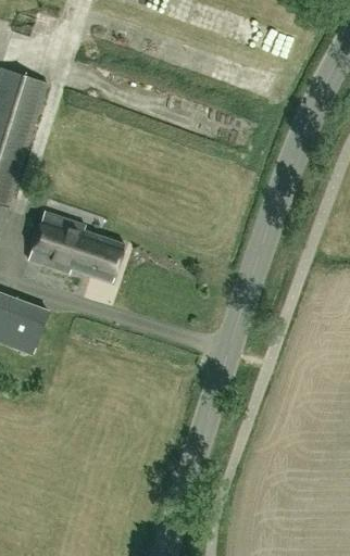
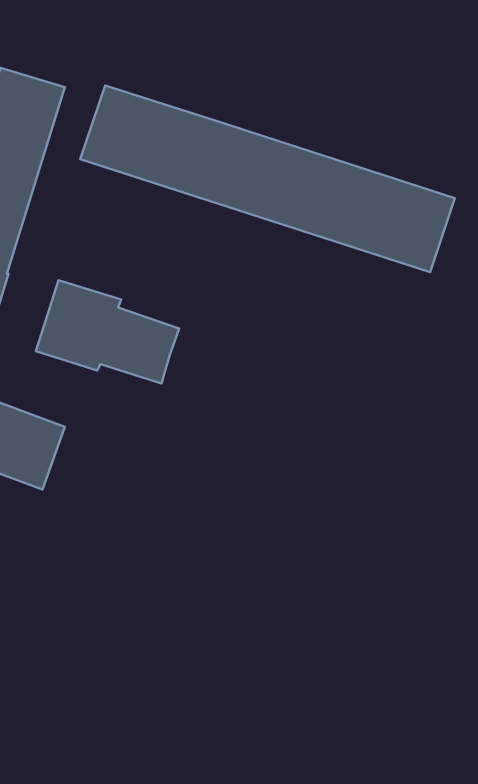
building: none -> [80,85,455,272]

